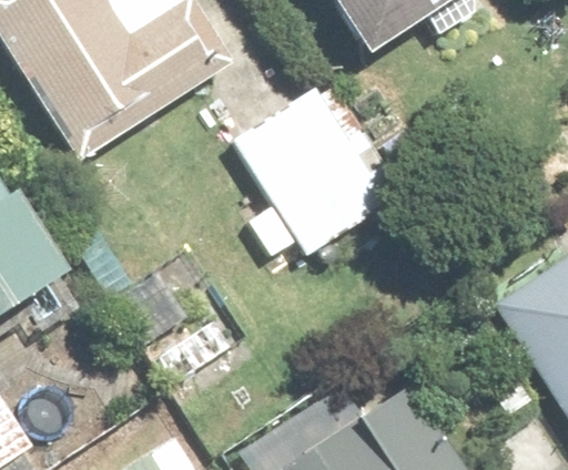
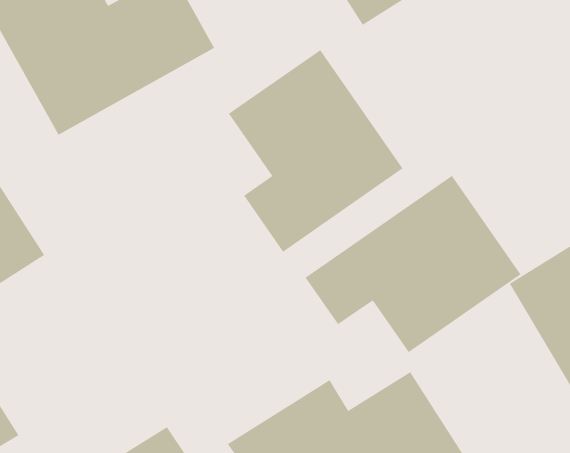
building: none -> [304,175,521,353]

